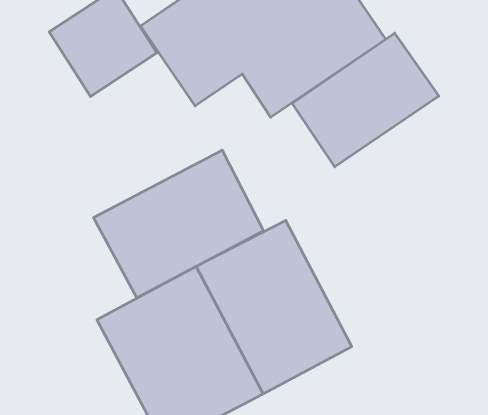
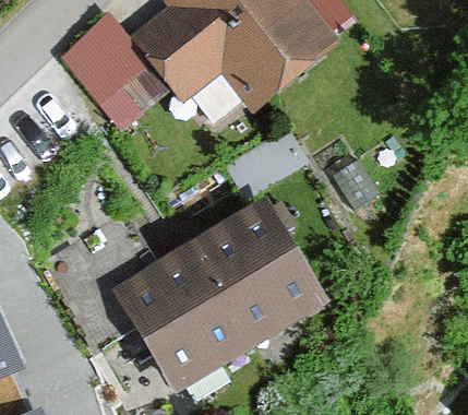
building: [292,33,439,167] -> none
building: [94,150,264,298] -> none

